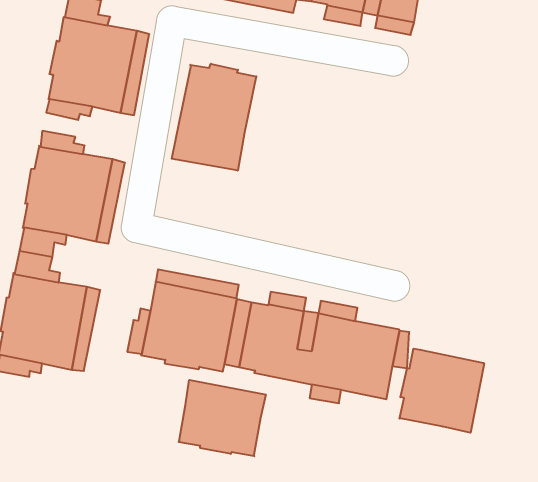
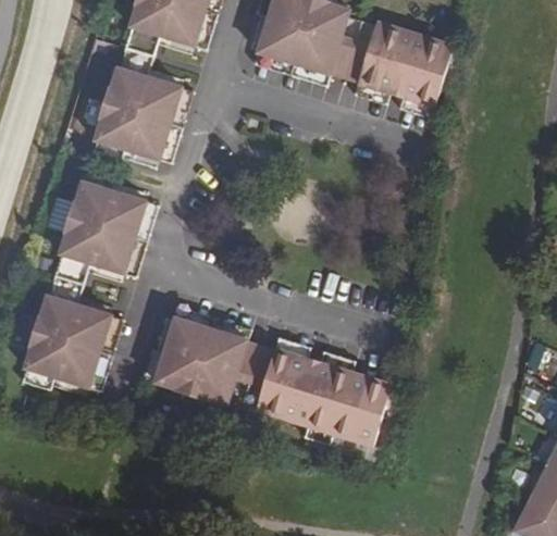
building: [172,64,256,171] -> none
building: [400,349,484,433] -> none
building: [179,380,266,456] -> none

